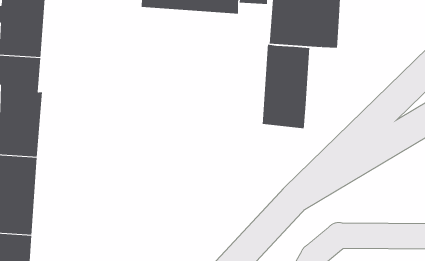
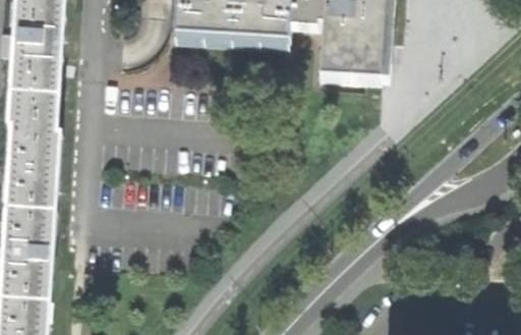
building: [262,44,310,129] -> none

